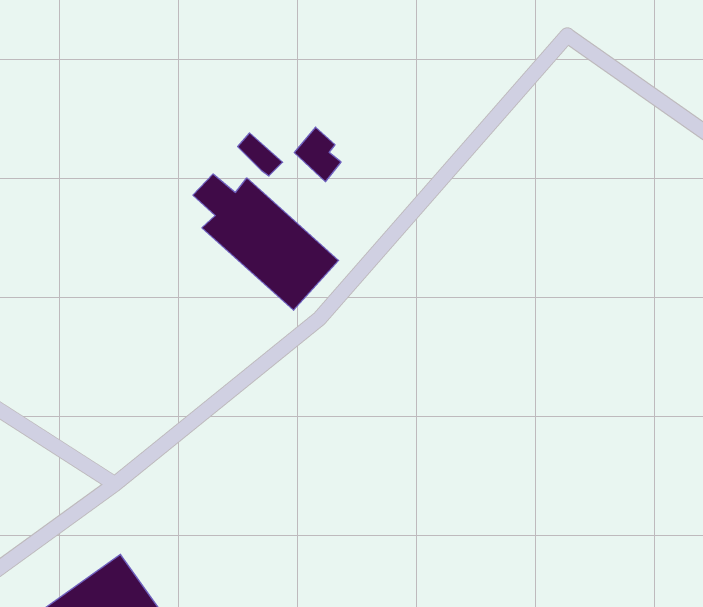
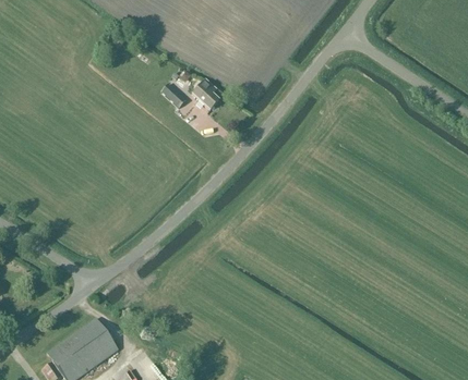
building: [193,174,339,310] -> none

